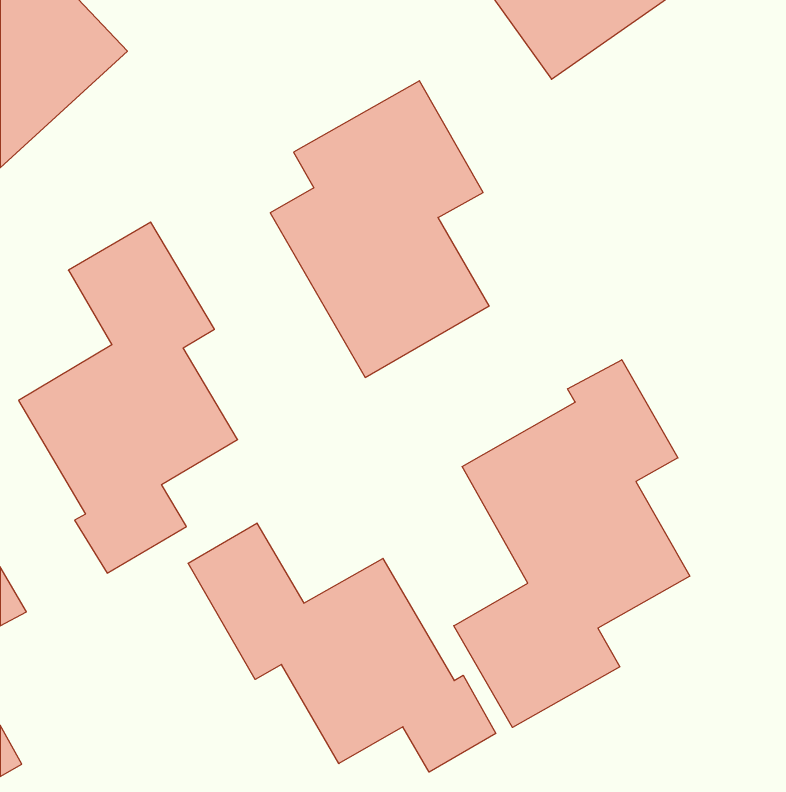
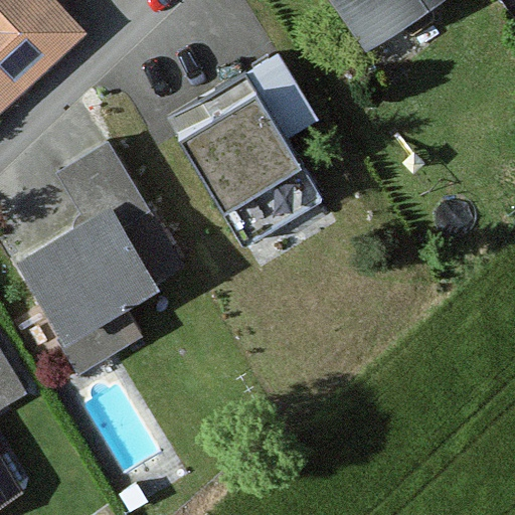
building: [454,360,690,727] -> none
building: [188,523,496,772] -> none

